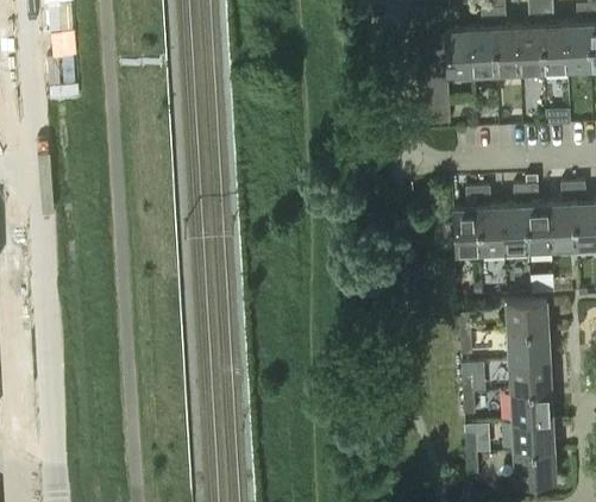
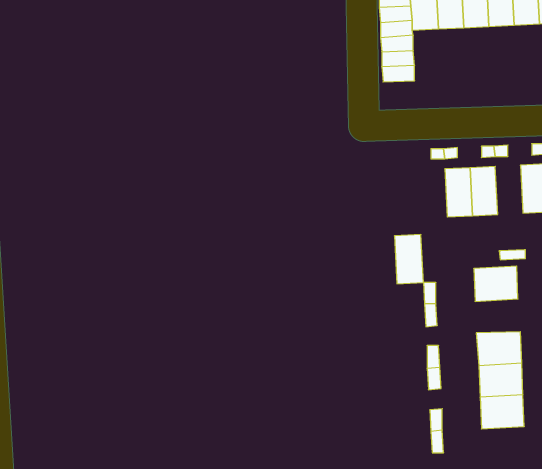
building: [527,206,553,252] -> none
building: [454,209,482,256] -> [394,235,423,284]
building: [508,332,551,364] -> none
building: [514,452,557,485] -> none

